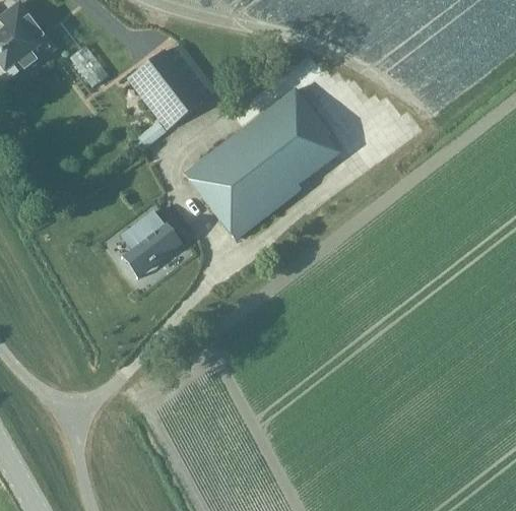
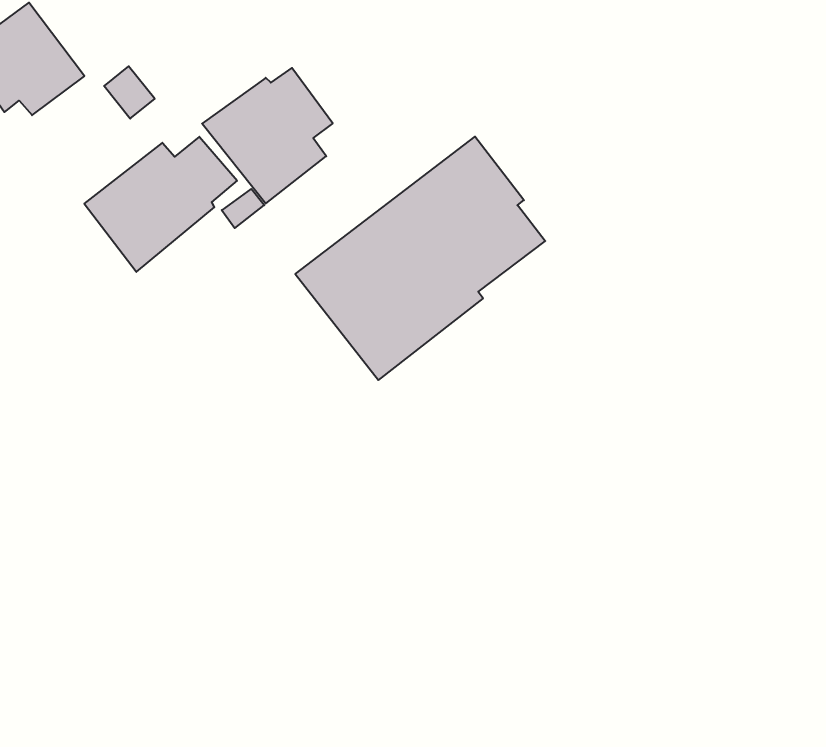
building: none -> [84,137,237,272]
building: [121,210,183,272] -> none

